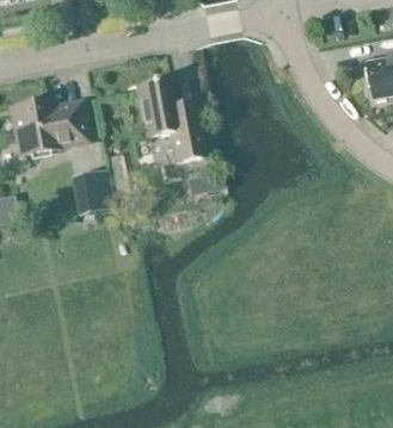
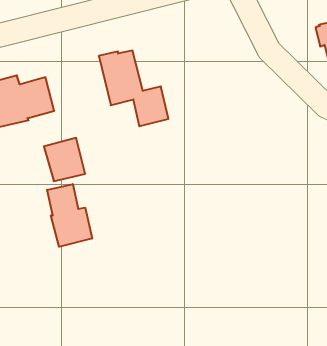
building: none -> [47,184,92,247]

